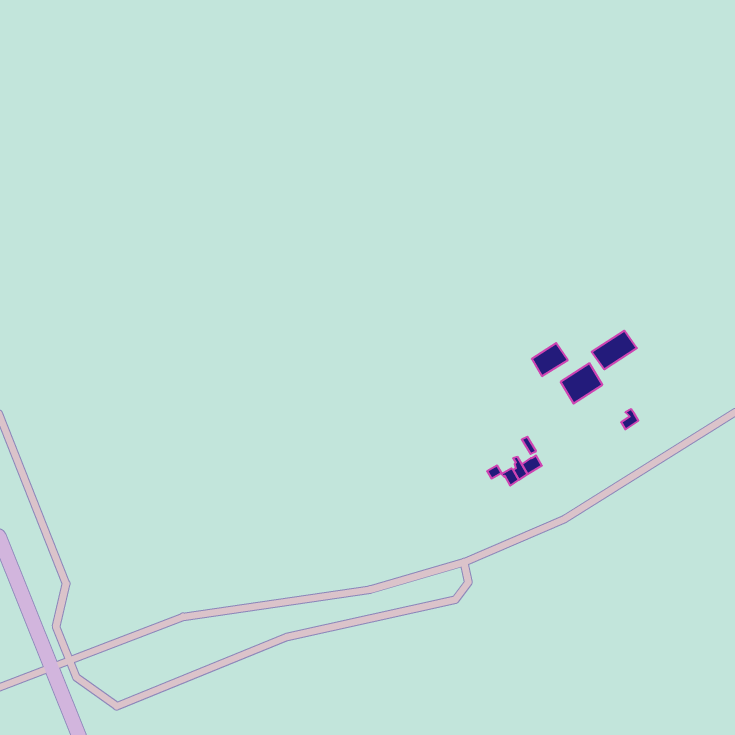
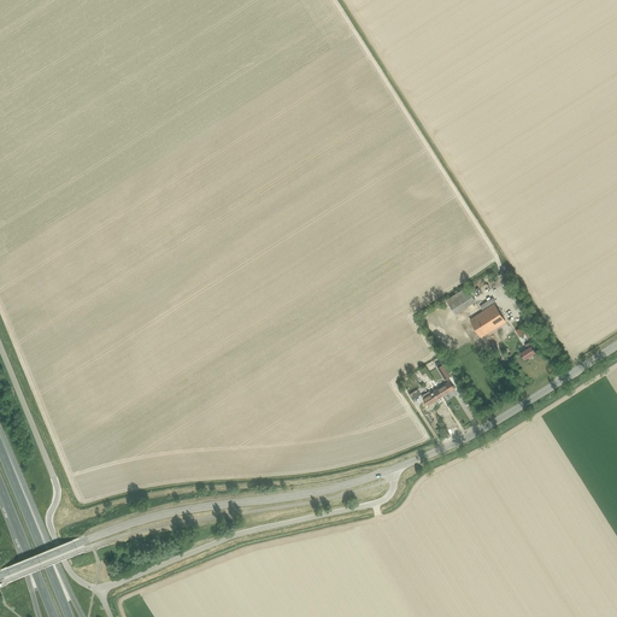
building: [592,331,637,369] -> none

